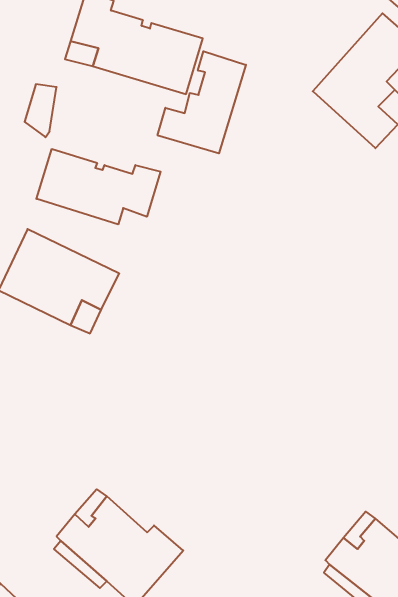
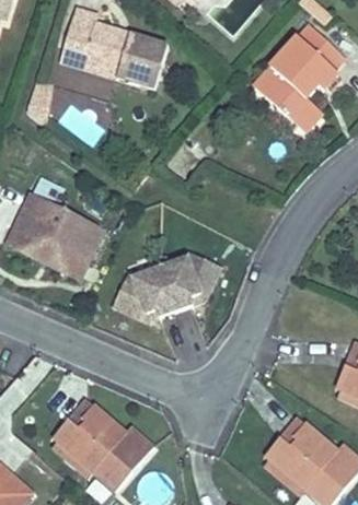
building: [158,51,246,153] -> none
building: [36,149,161,224] -> none
building: none -> [114,252,210,325]

